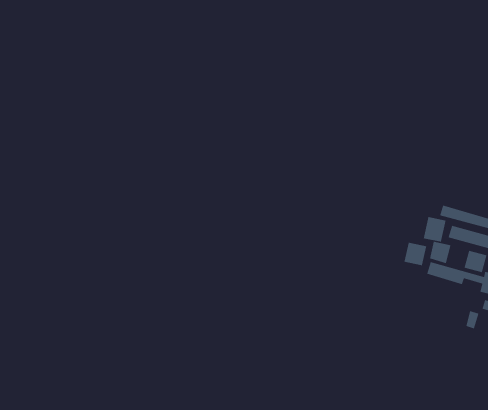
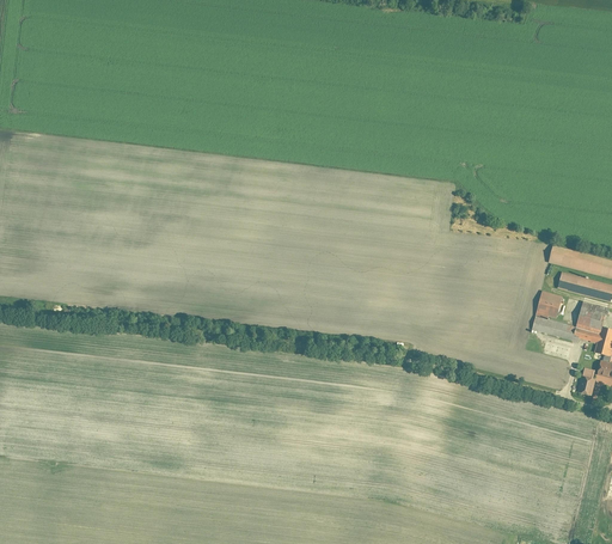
building: [423,216,447,243] -> none
building: [404,242,427,266] -> none

